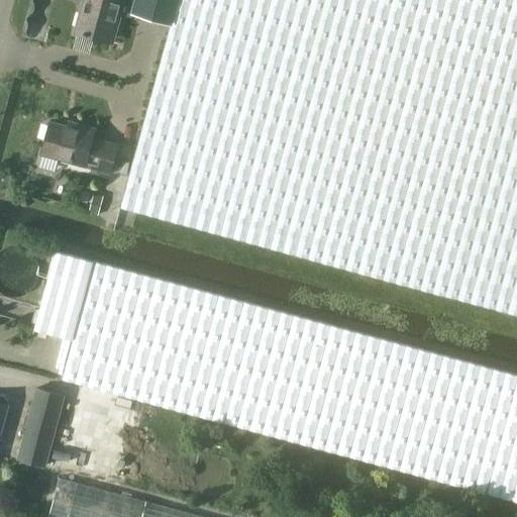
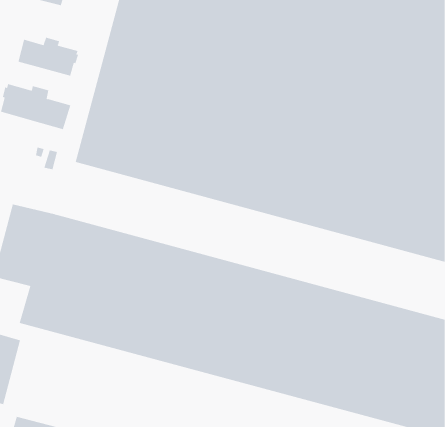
building: none -> [18,37,79,77]

